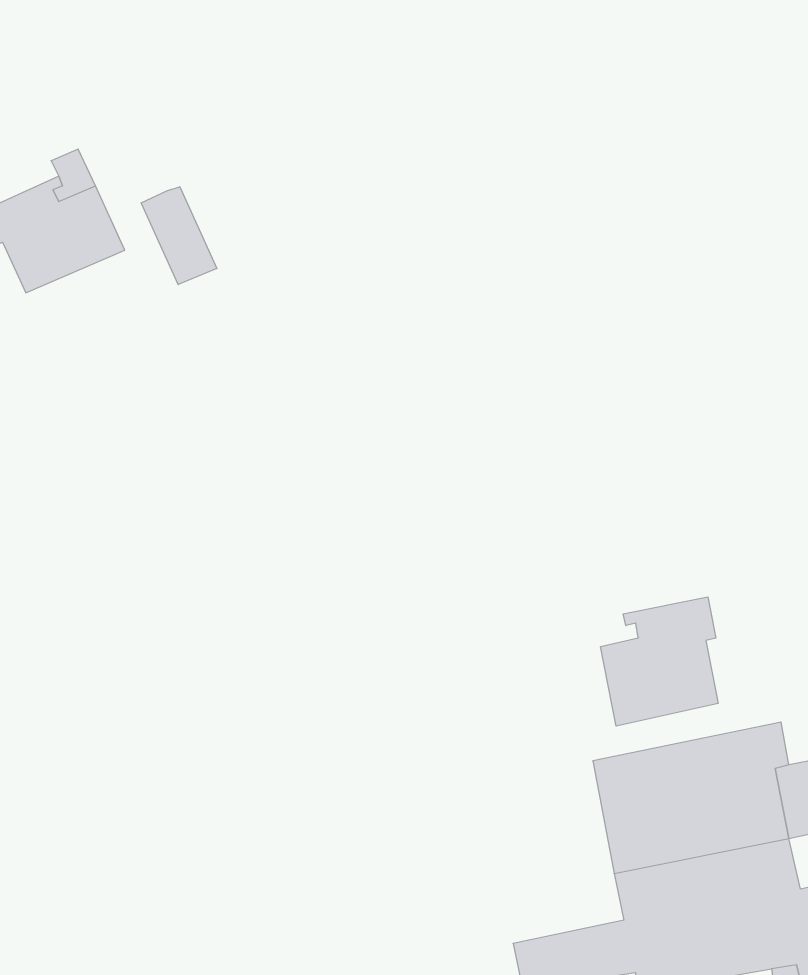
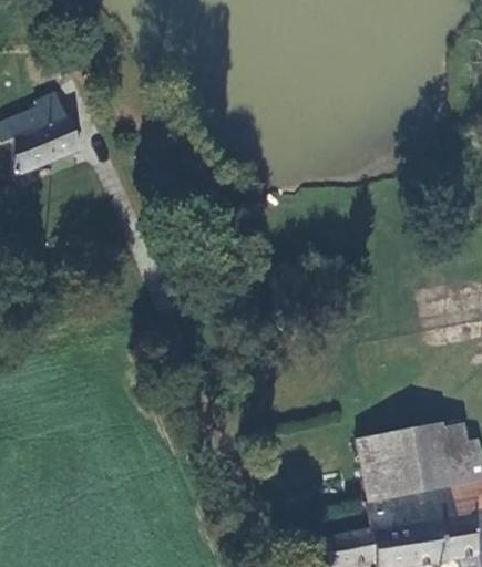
building: [141,187,217,285] -> none
building: [601,597,718,726] -> none

